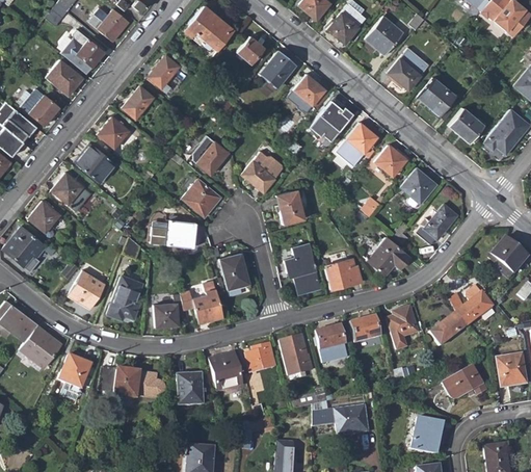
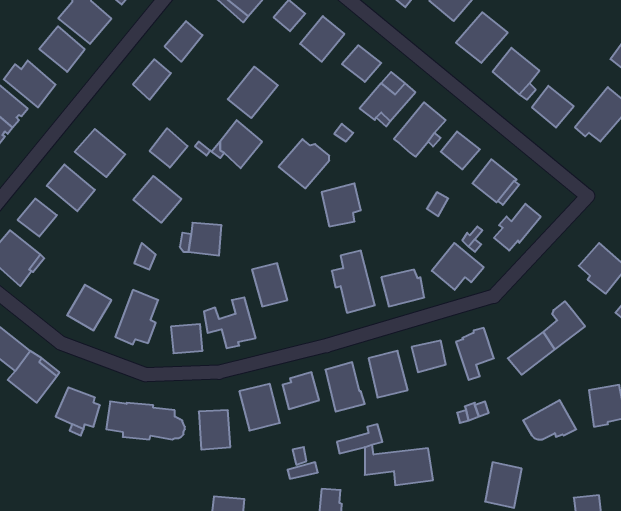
building: none -> [228,67,278,118]
building: [99,116,130,149] -> [150,128,188,168]
building: [182,179,221,217] -> [133,176,181,223]

